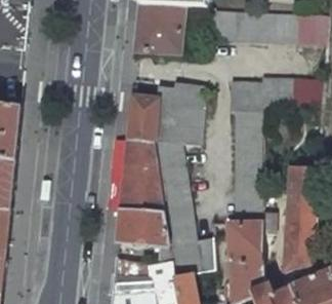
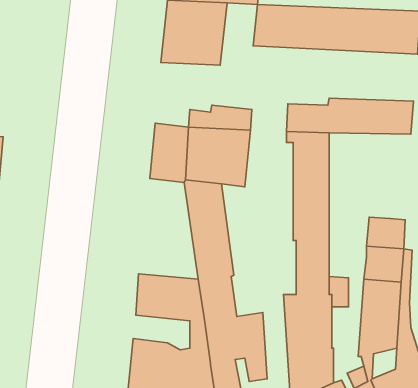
building: [119,138,163,213] -> none

